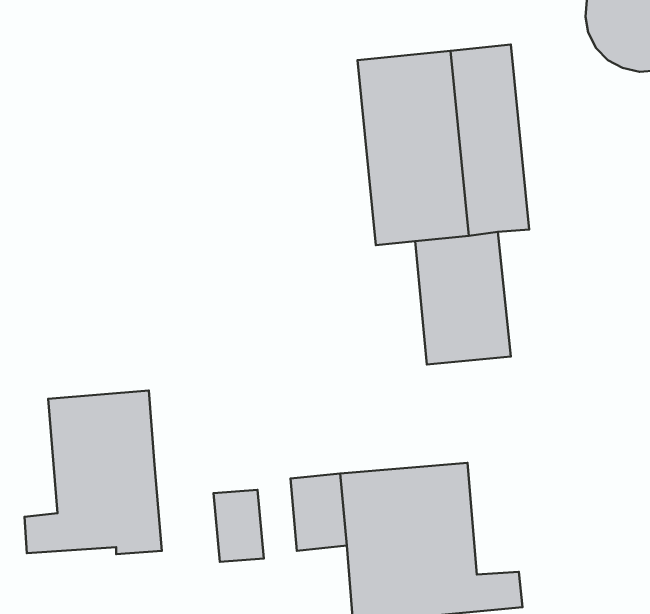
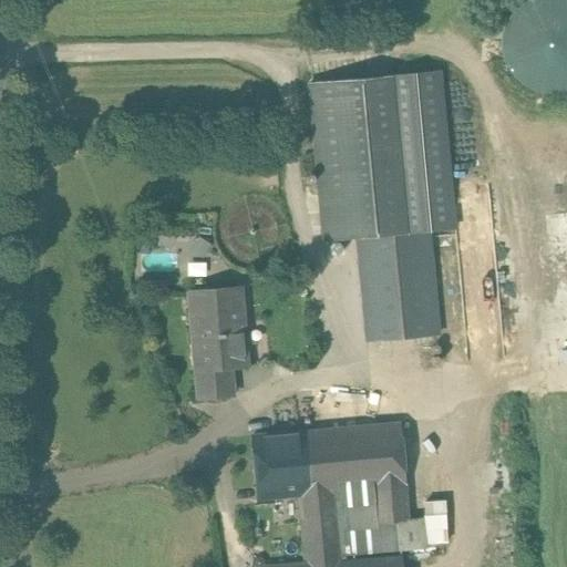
building: none -> [193,289,248,399]
building: [25,391,162,554] -> none
building: [214,490,264,562] -> none

